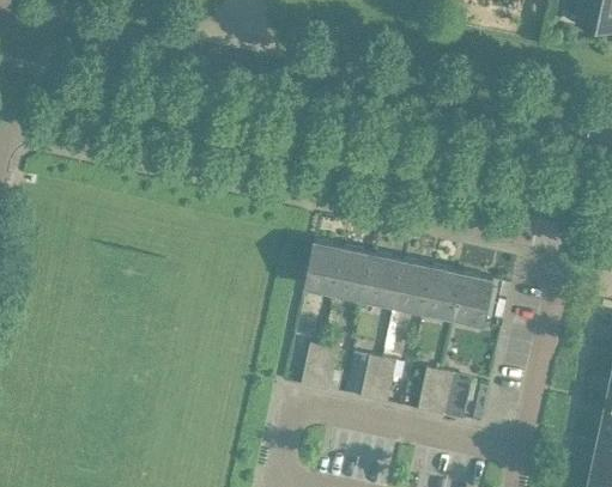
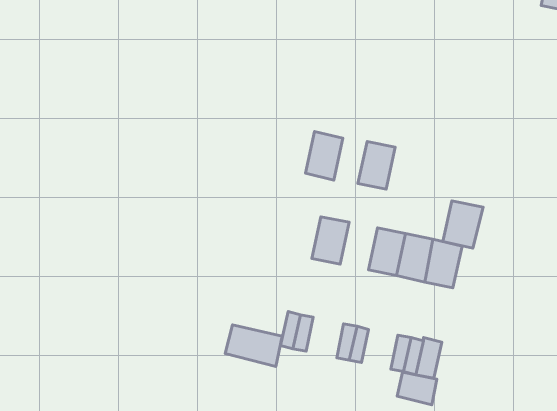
building: none -> [443,201,483,248]
building: [304,242,344,293] -> [305,132,343,180]
building: [364,255,404,305] -> [358,142,395,189]
building: none -> [225,325,282,367]
building: none -> [397,372,437,405]

